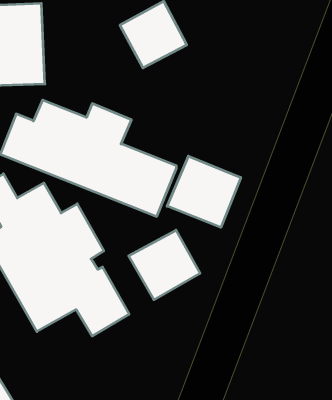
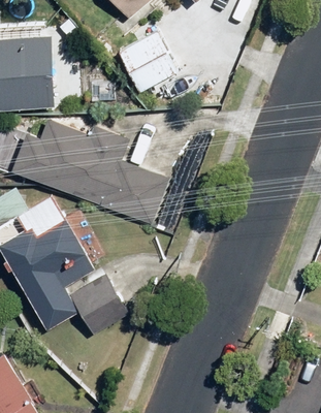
building: [167,156,241,227] -> none
building: [129,230,200,300] -> none

